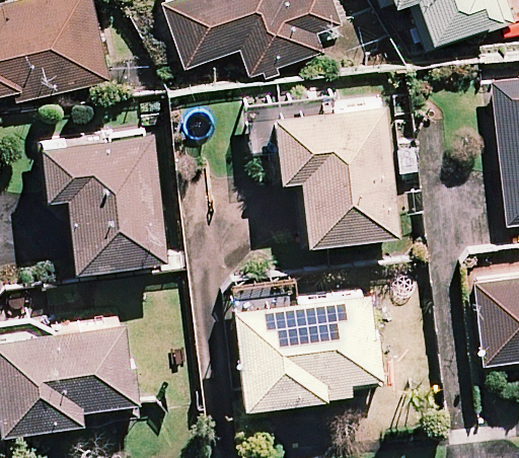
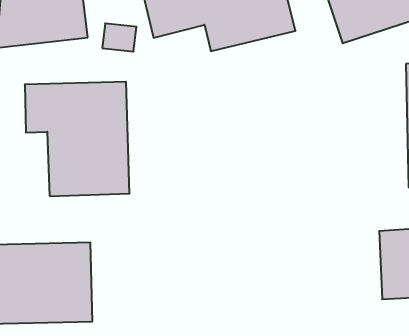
building: [273,109,396,235] -> none
building: [229,288,380,403] -> none

